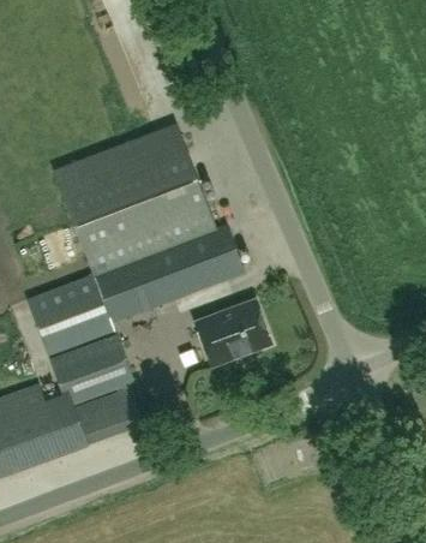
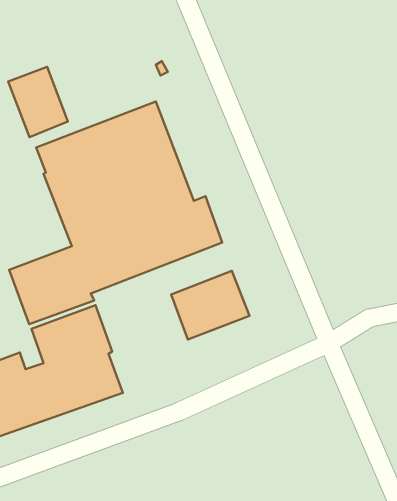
building: none -> [8,67,68,137]

